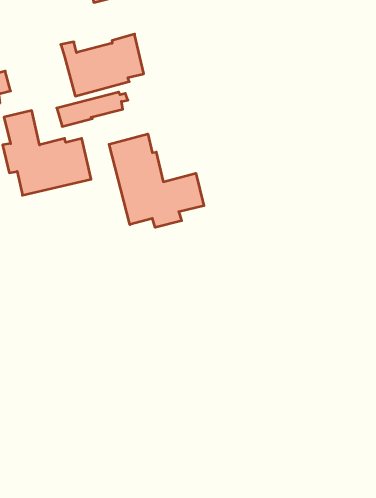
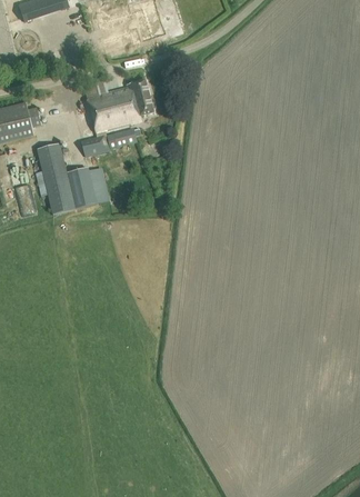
building: [109,134,204,227] -> none

